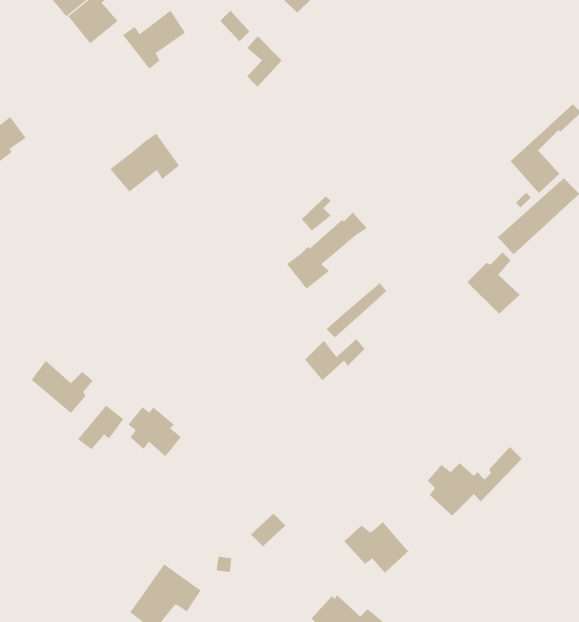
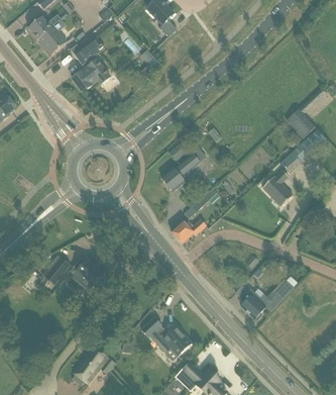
building: [109,133,180,192] -> [72,59,111,92]
building: [31,360,93,414] -> none
building: [343,521,410,574] -> [154,326,192,356]

